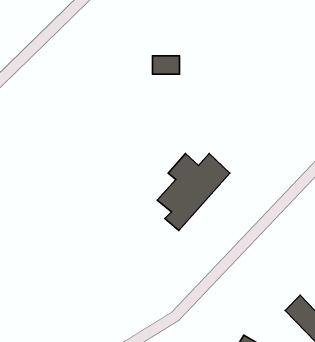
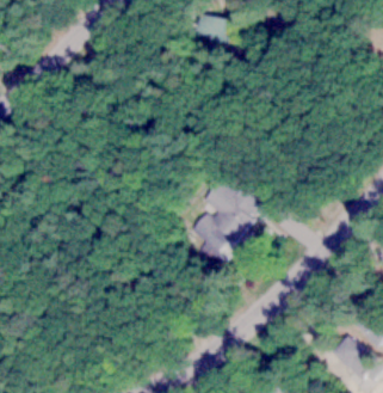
building: [152,56,179,74] -> [196,18,226,38]

